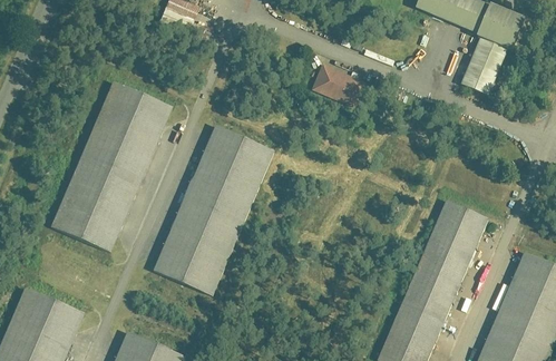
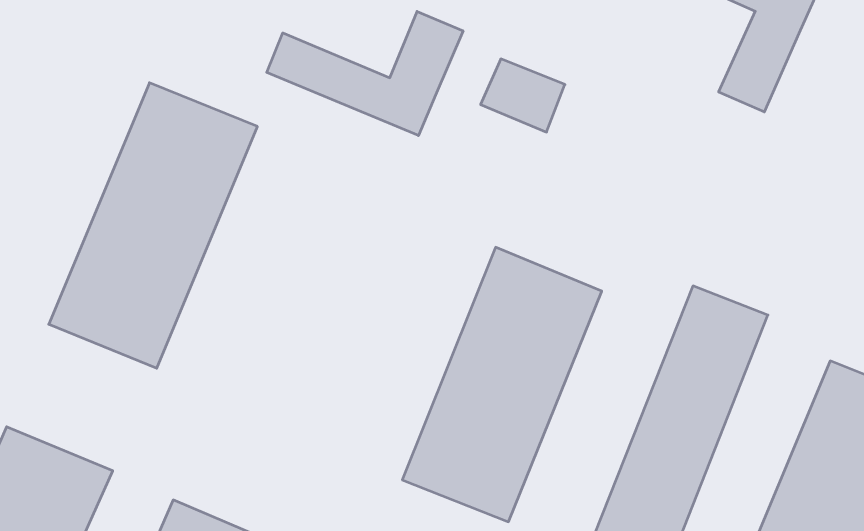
building: none -> [267,11,463,136]
building: [156,126,277,293] -> [402,247,602,522]

